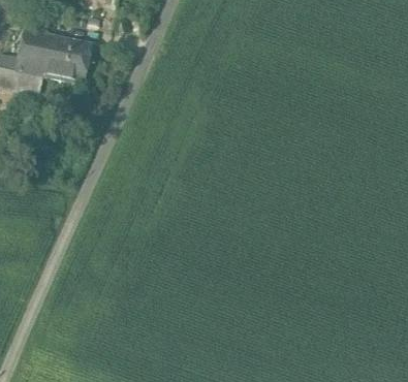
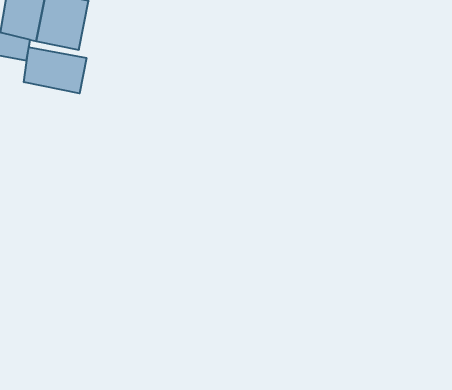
building: none -> [24,47,86,93]

